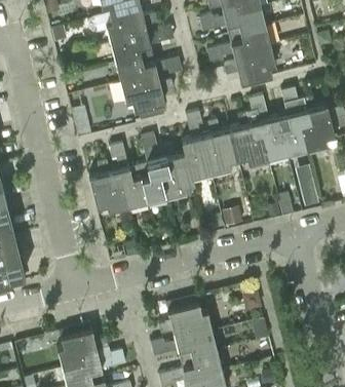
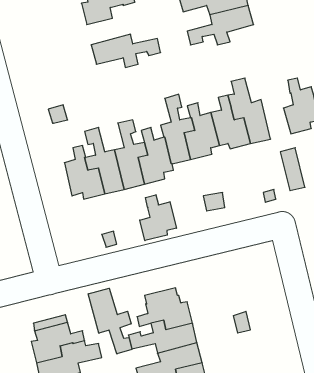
building: [111,27,175,66] -> none
building: [224,46,276,85] -> none
building: [120,78,174,122] -> none
building: [278,89,309,156] -> none
building: none -> [140,195,176,241]
building: none -> [88,288,132,354]

